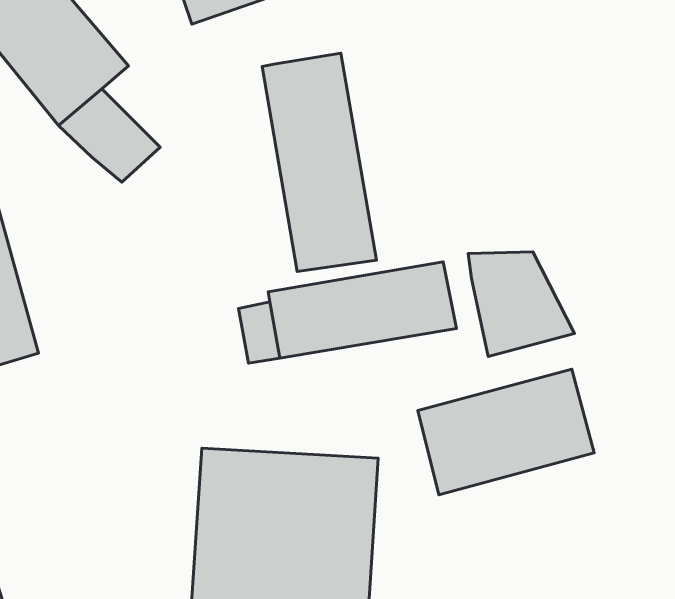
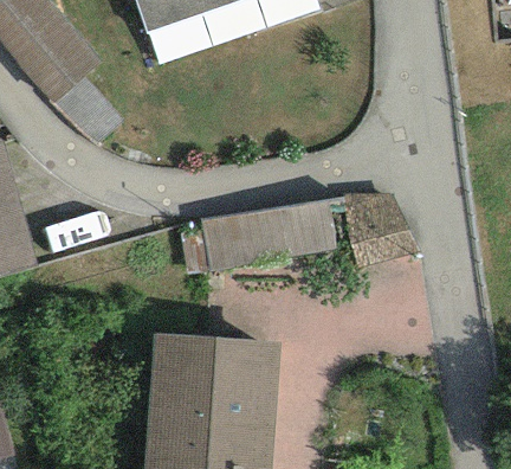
building: [262,53,377,271] -> none
building: [418,369,594,495] -> none

